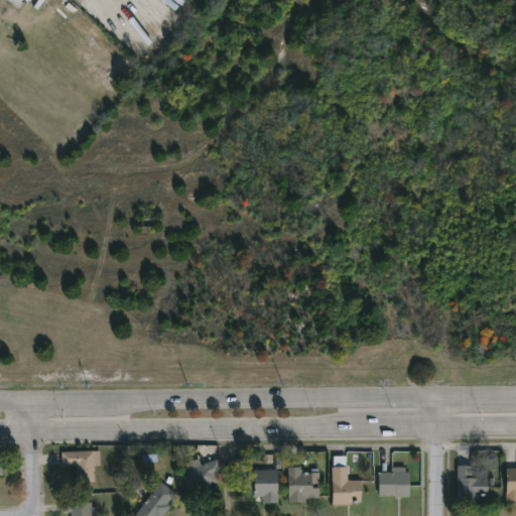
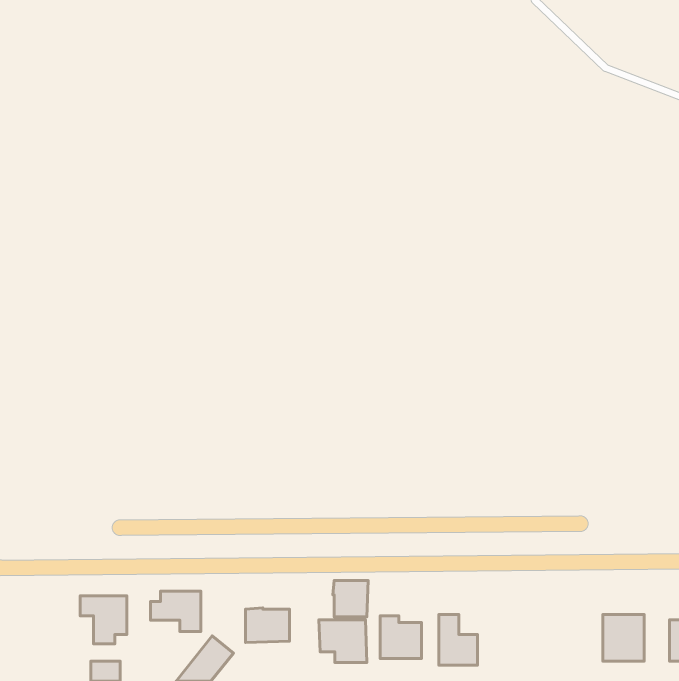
building: none -> [333,581,368,617]
building: none -> [151,591,201,632]
building: [380,469,410,495] -> none

